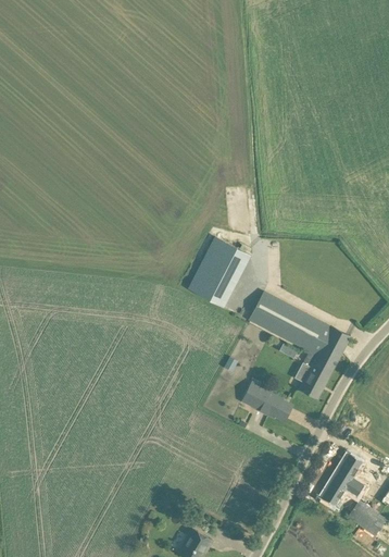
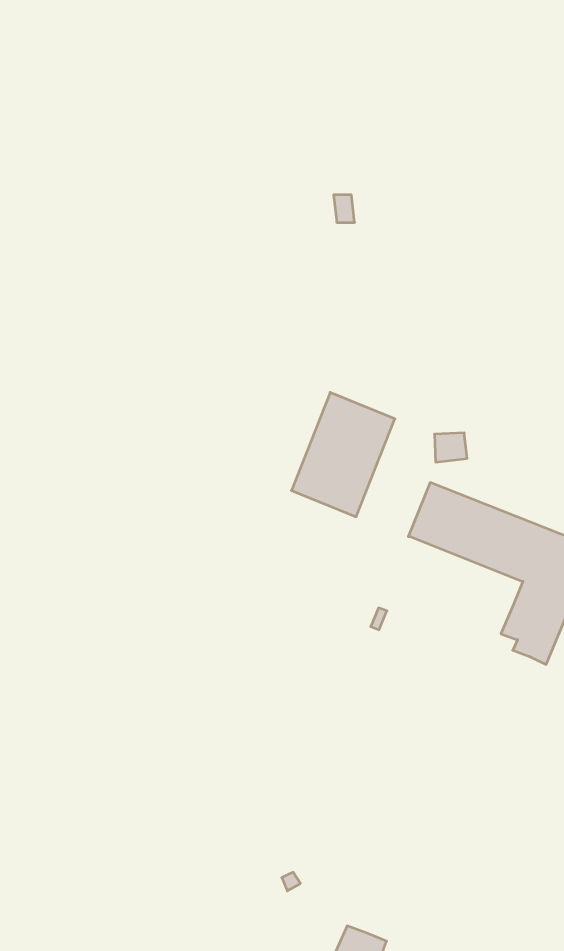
building: [240,382,284,419] -> none

